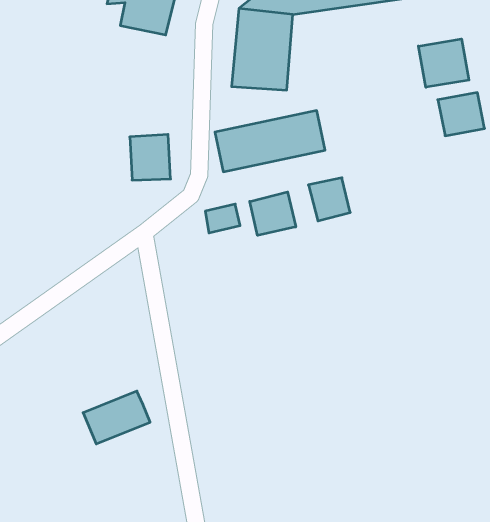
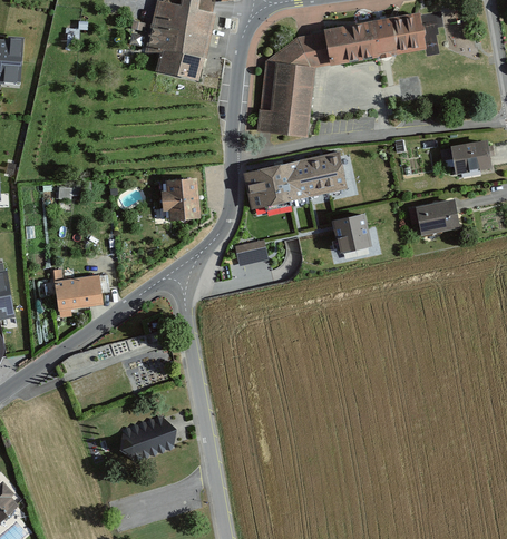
building: [418,39,469,87] -> none
building: none -> [416,197,460,234]
building: [250,192,296,235] -> none
building: none -> [57,273,103,307]

